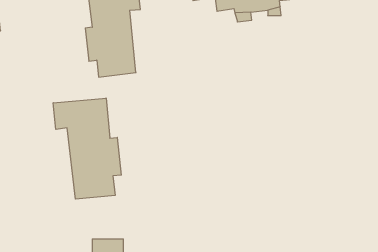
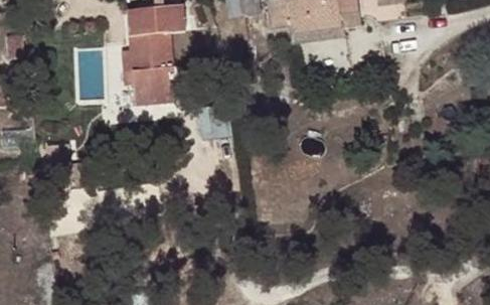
building: [53,98,121,199] -> none

